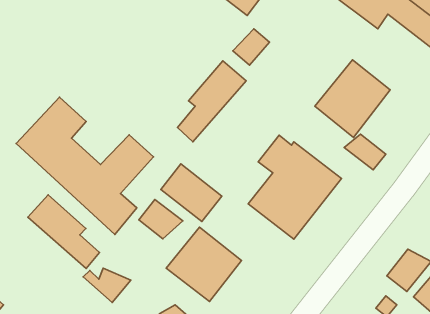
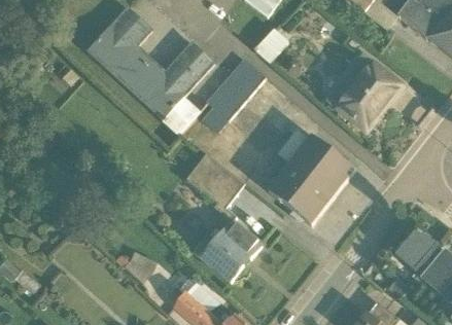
building: [16,97,154,234] -> [86,7,214,135]
building: [344,134,386,170] -> none
building: [28,195,99,269] -> none
building: [139,199,183,239] -> none

